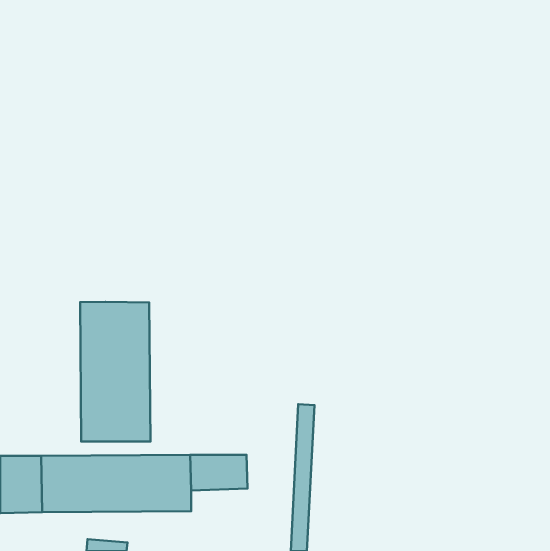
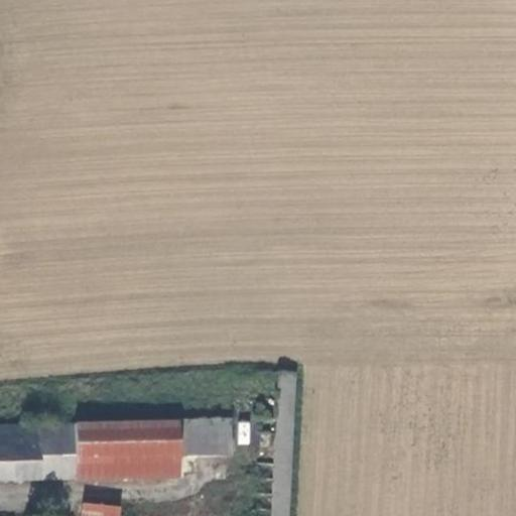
building: [80,302,150,442] -> none

